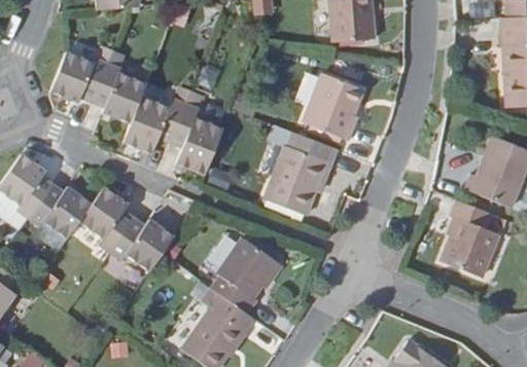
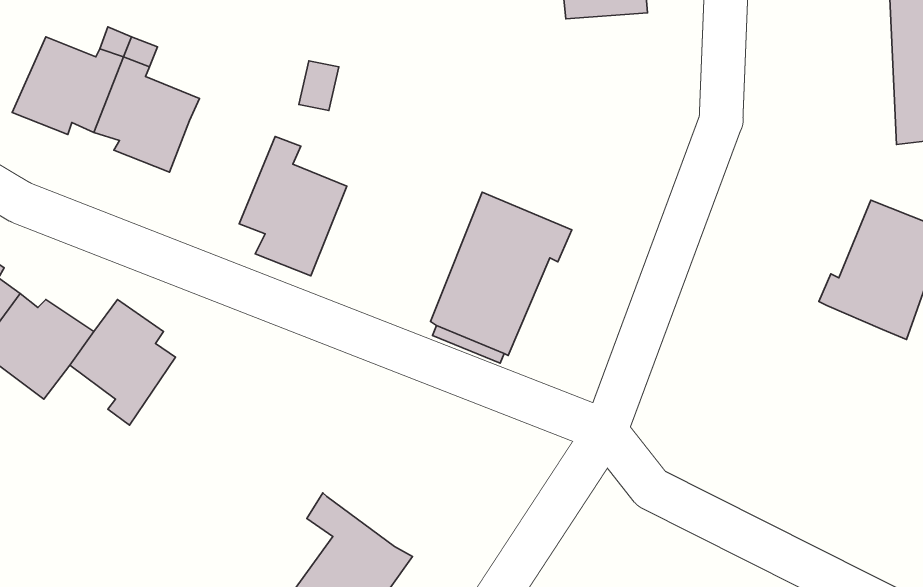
building: [305,74,365,142] -> none
building: [121,95,185,153] -> none
building: [443,199,498,276] -> none
building: [110,217,173,270] -> none
building: [212,237,278,315] -> none

